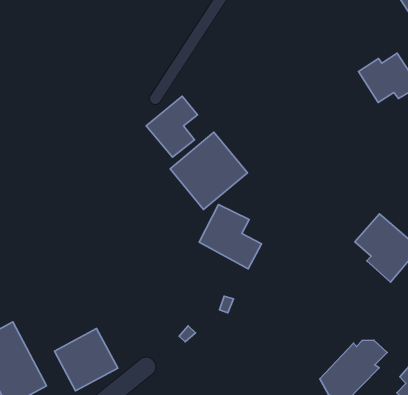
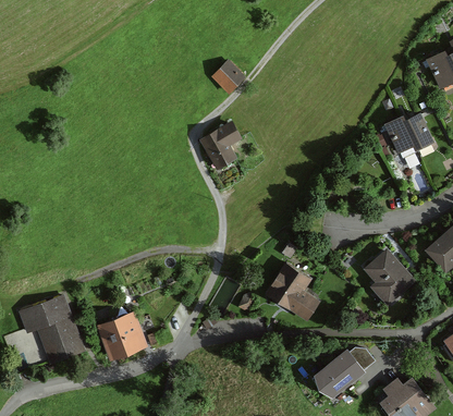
building: none -> [212,62,245,95]
building: [170,132,247,209] -> none
building: [199,204,261,269] -> [267,262,319,320]

